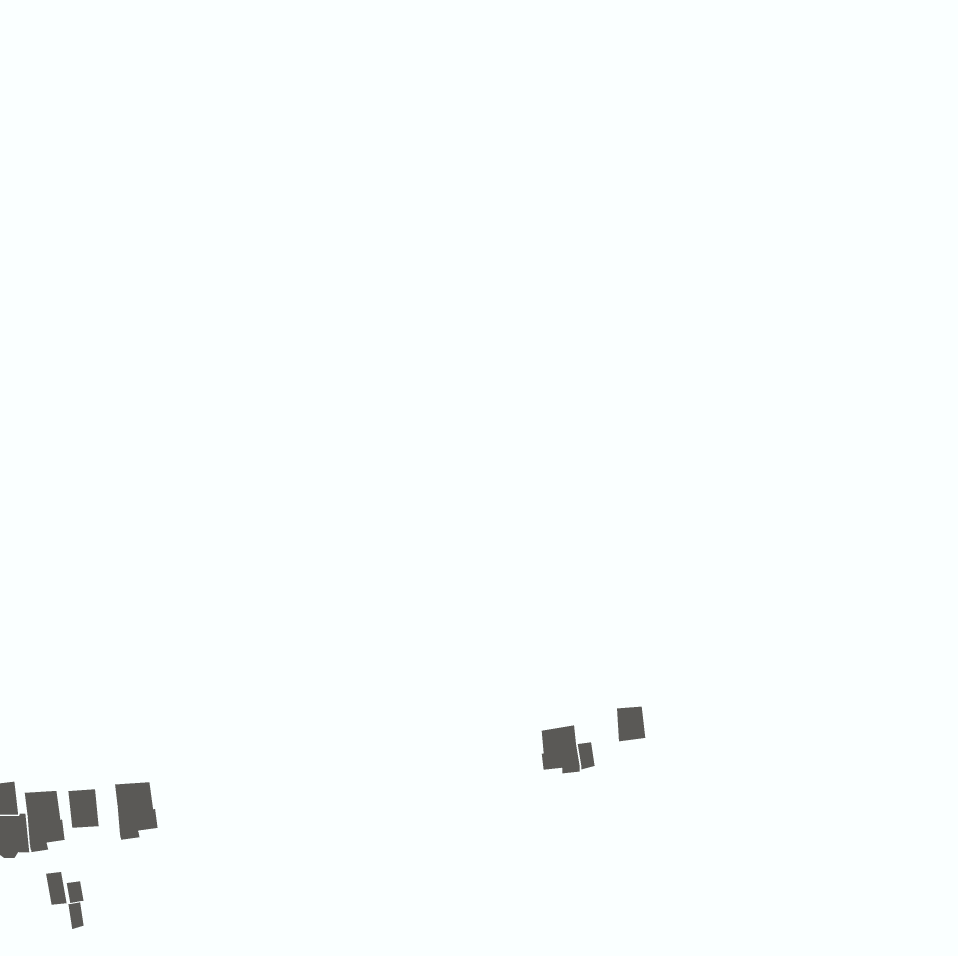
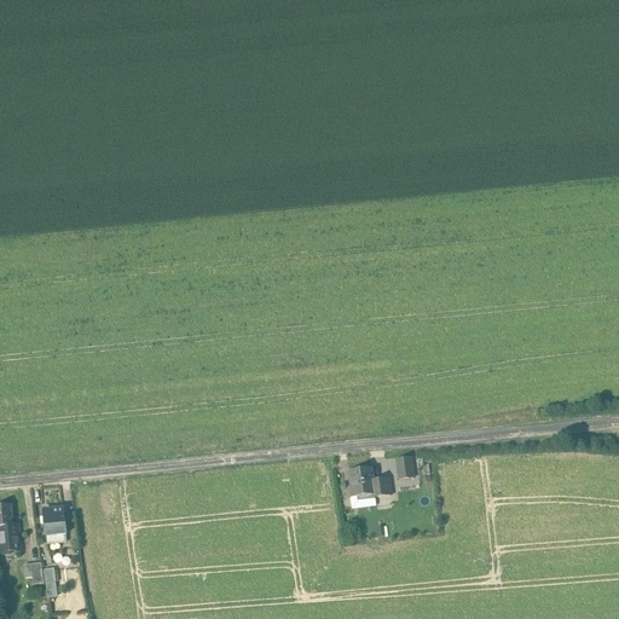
building: [114,782,158,841] -> none
building: [24,790,65,853] -> none

